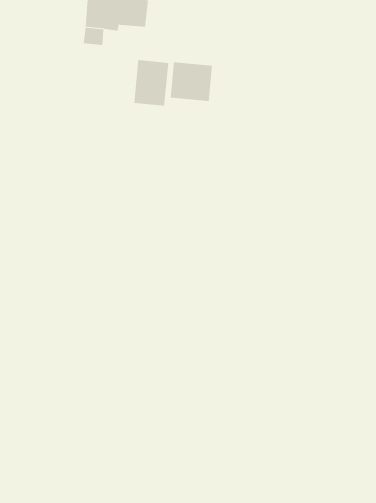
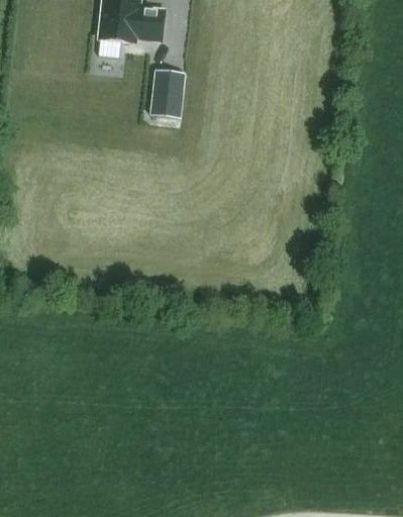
building: [170,62,212,102] -> none

